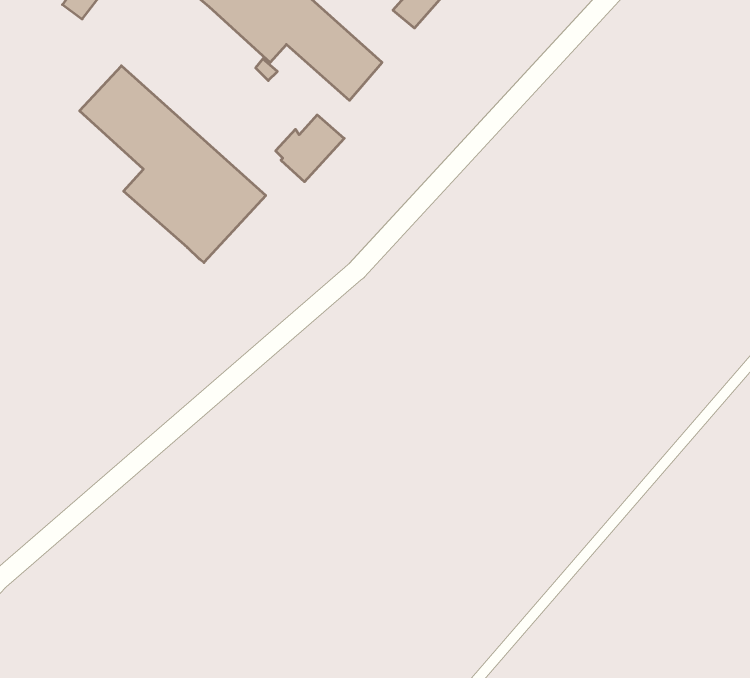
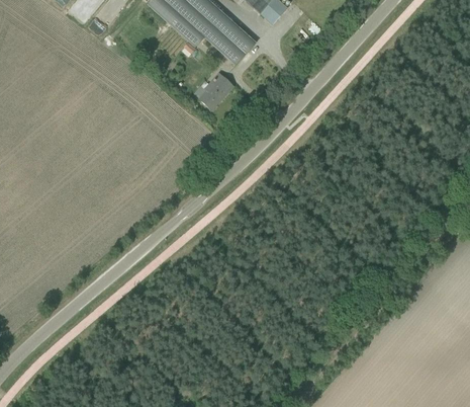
building: [80,66,266,263] -> none

